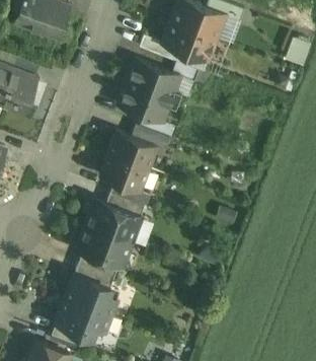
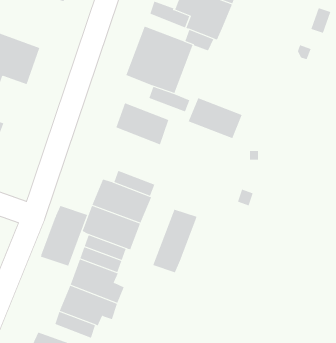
building: [99,152,150,191] -> [188,97,243,139]
building: none -> [41,205,88,267]
building: none -> [153,209,197,273]

